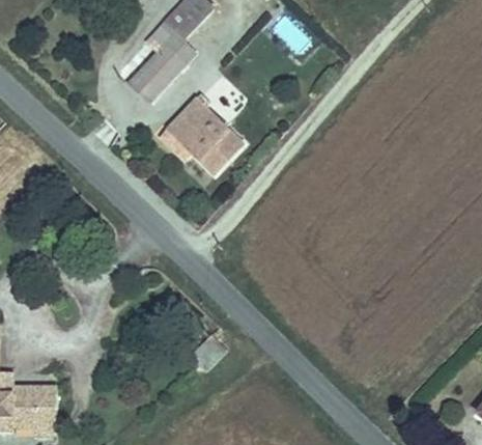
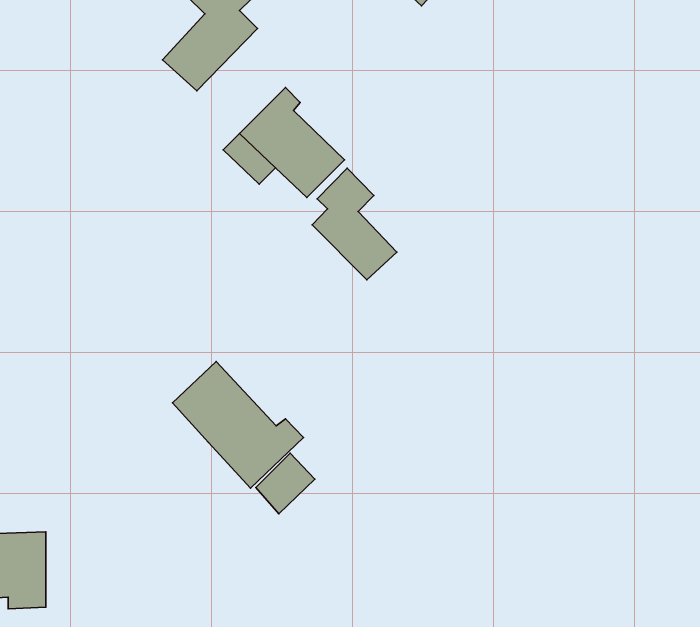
building: none -> [312,168,397,280]
building: none -> [173,361,304,488]

